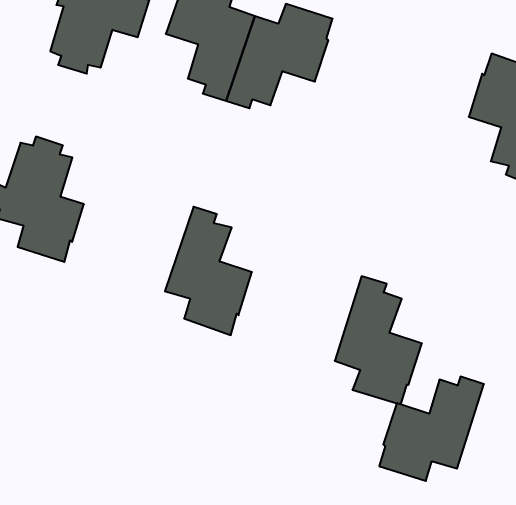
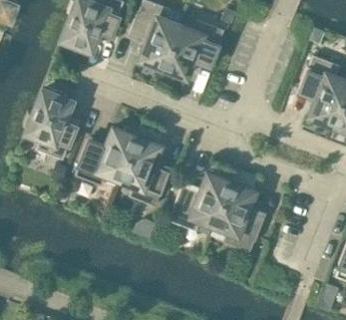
building: none -> [76,127,139,187]
building: [379,377,484,481] -> [170,174,233,232]

